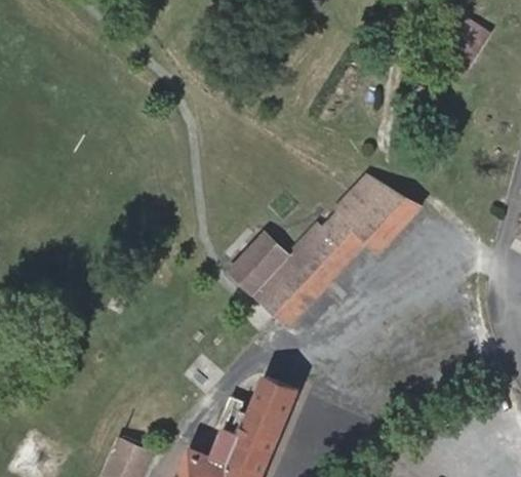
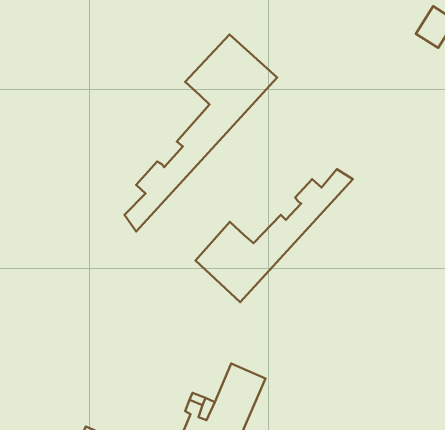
building: none -> [125,35,277,231]
building: [274,191,416,326] -> none

